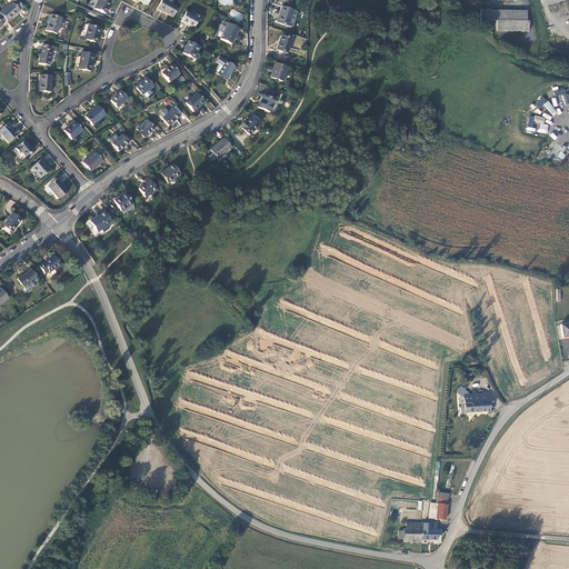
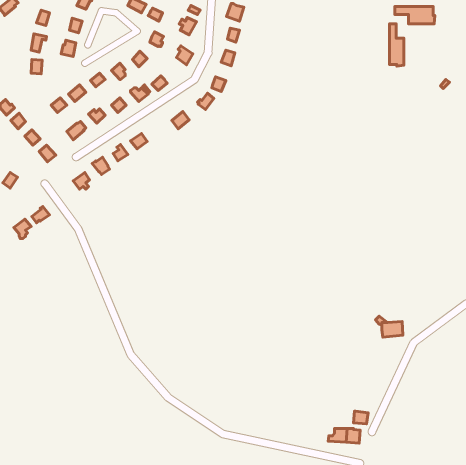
building: none -> [389,24,404,66]

